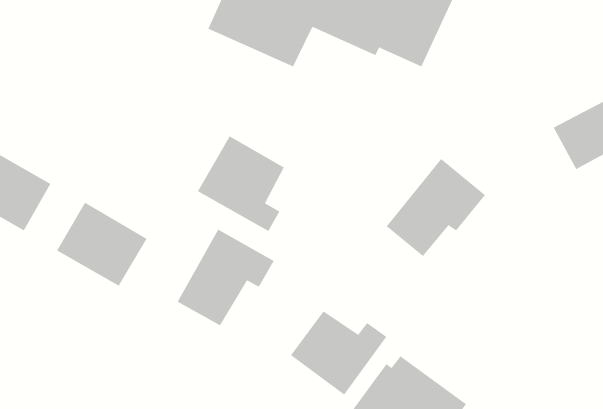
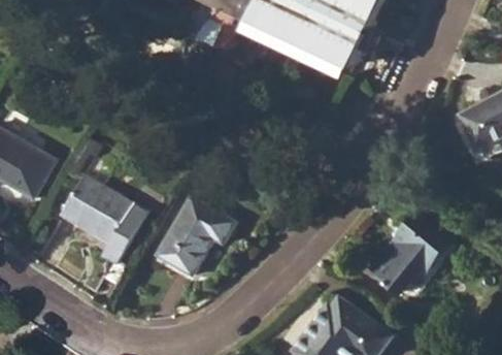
building: [197,136,284,232] -> none
building: [386,158,486,257] -> [369,214,449,293]
building: [290,310,387,396] -> none

